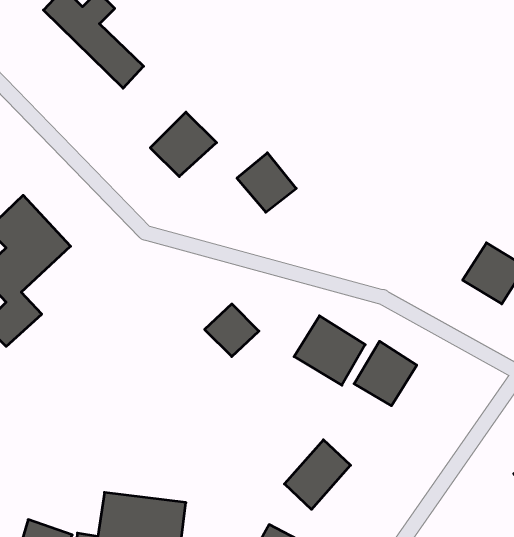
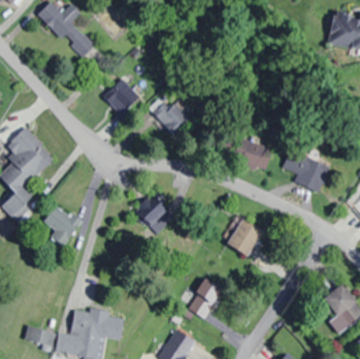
building: none -> [235,138,273,172]
building: [294,316,365,385] -> none
building: none -> [44,207,77,247]

